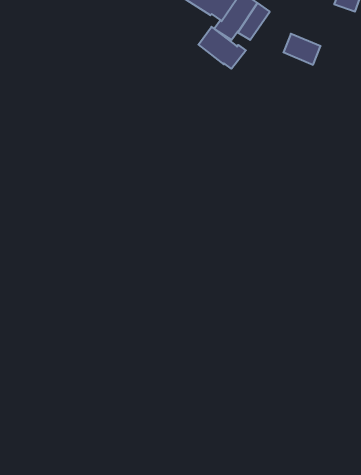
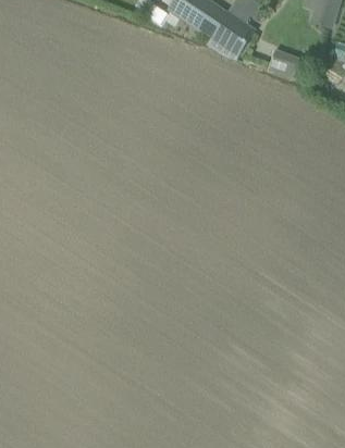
building: [198,27,246,69] -> none

